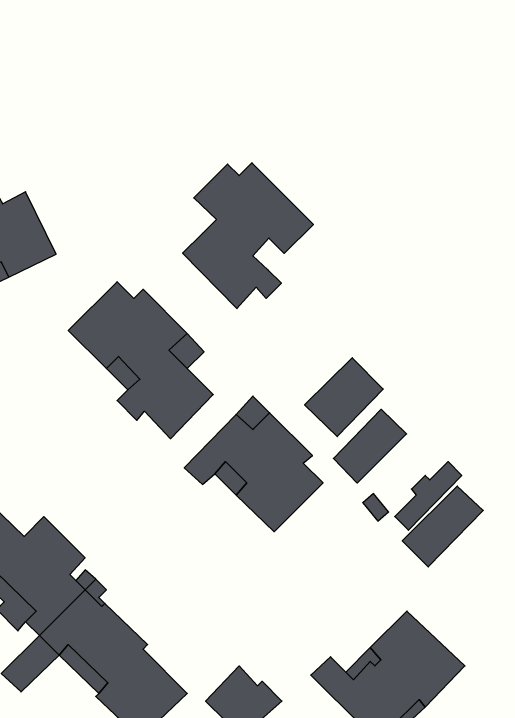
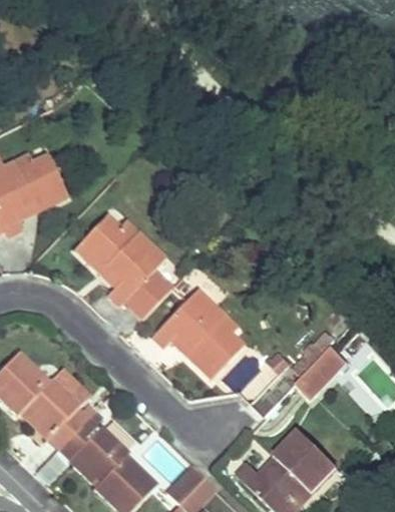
building: [183,163,313,309] -> none
building: [305,358,383,437] -> none
building: [333,409,407,483] -> none

